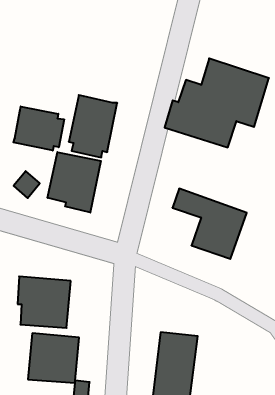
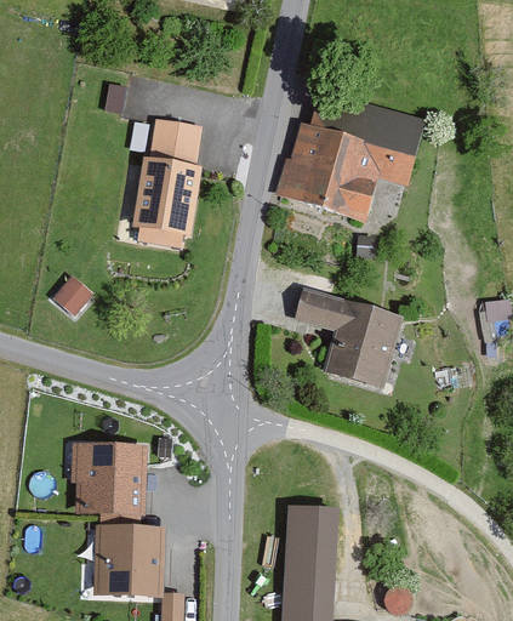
building: none -> [150,123,200,167]
building: [13,106,64,151] -> none
building: [48,152,101,213] -> none

